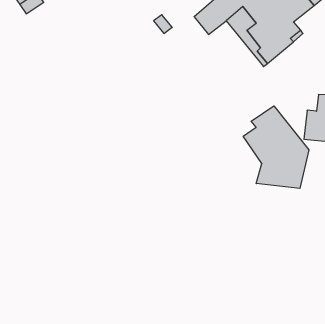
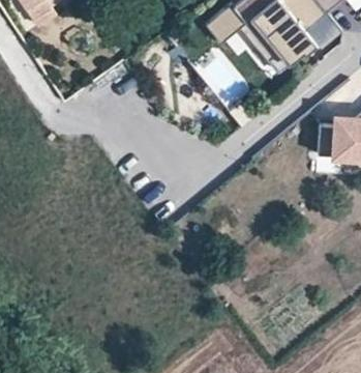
building: [243,106,309,188] -> none

